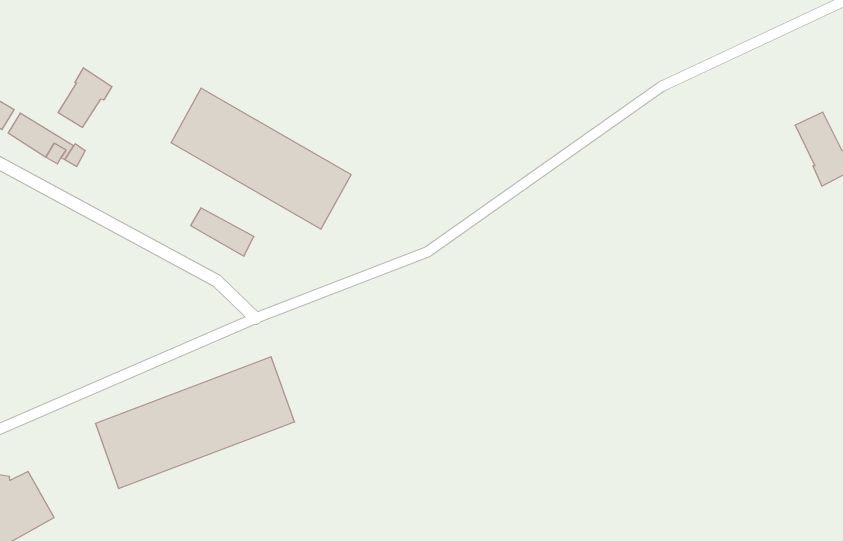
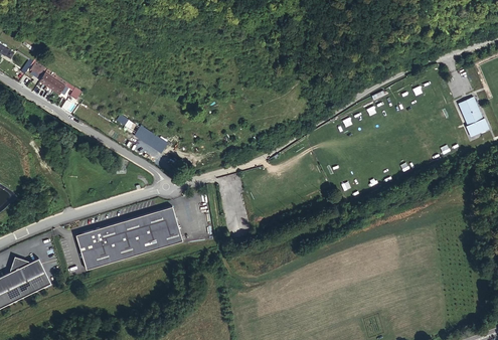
building: [58,68,112,127] -> none
building: [171,88,351,229] -> none

